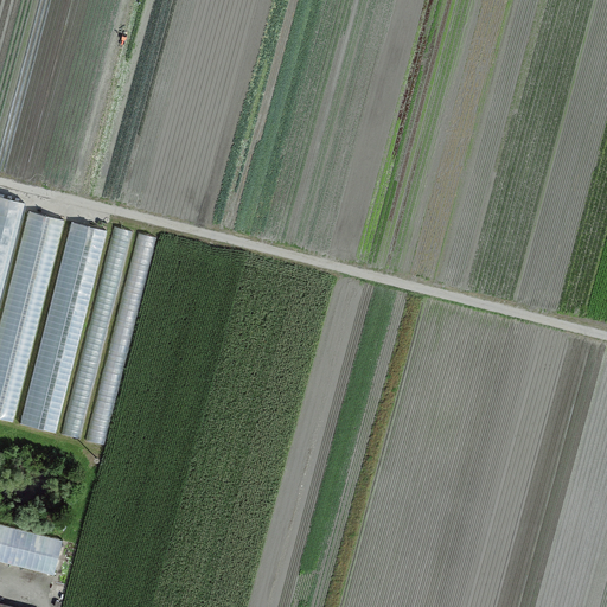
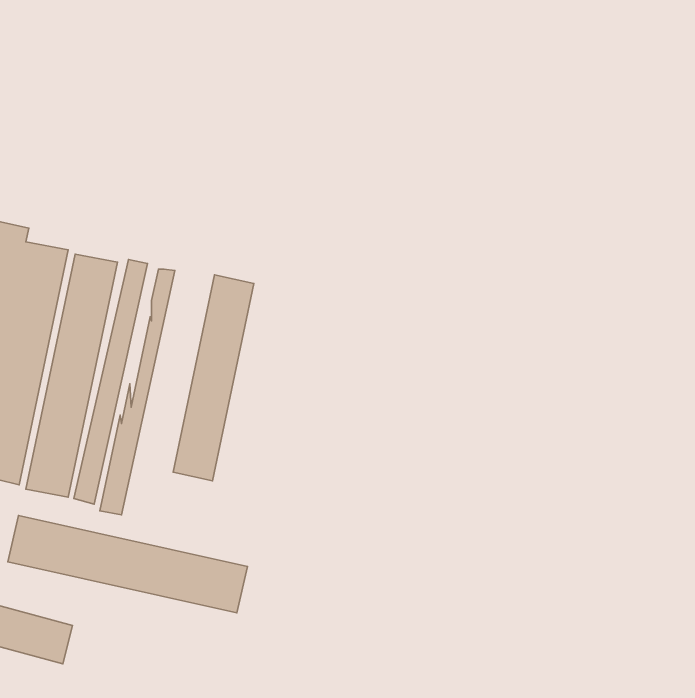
building: none -> [173,275,254,481]
building: none -> [8,516,248,613]

